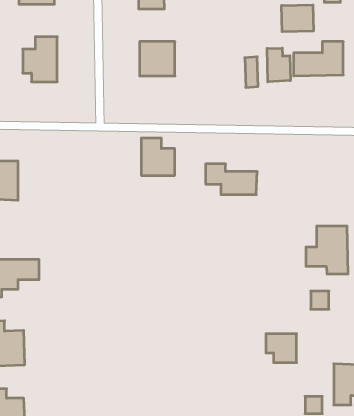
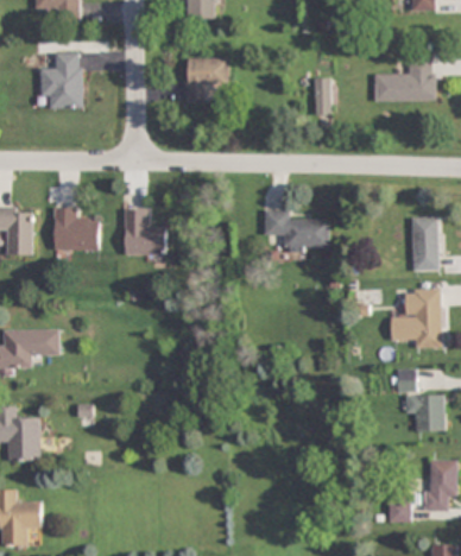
building: [282,5,313,32] -> none
building: [267,48,290,82] -> none
building: [141,138,175,175] -> [124,209,165,255]
building: none -> [53,207,97,248]
building: none -> [412,216,441,270]
building: [266,334,297,363] -> [406,394,444,430]

